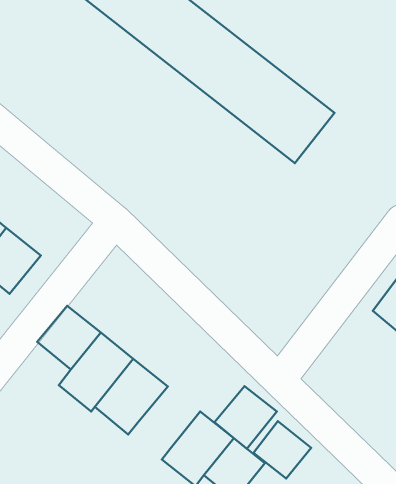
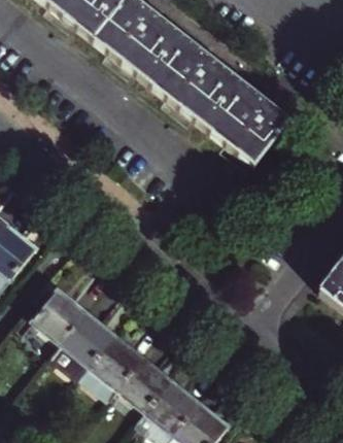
building: [215,386,277,449] -> [119,357,173,411]
building: [253,421,311,478] -> none

